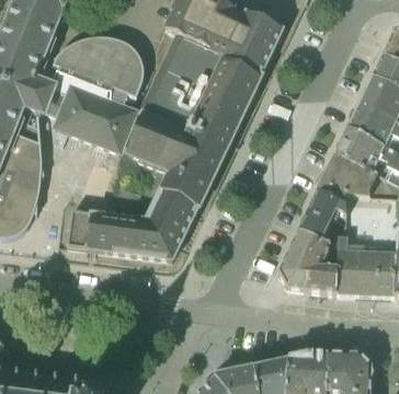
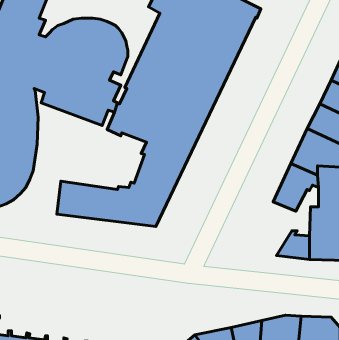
building: [277,232,330,289] -> none

